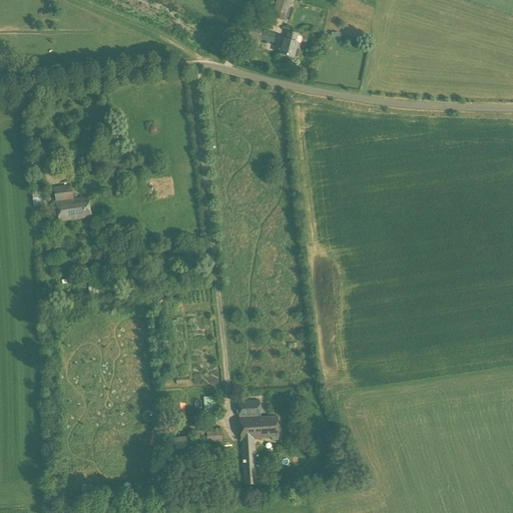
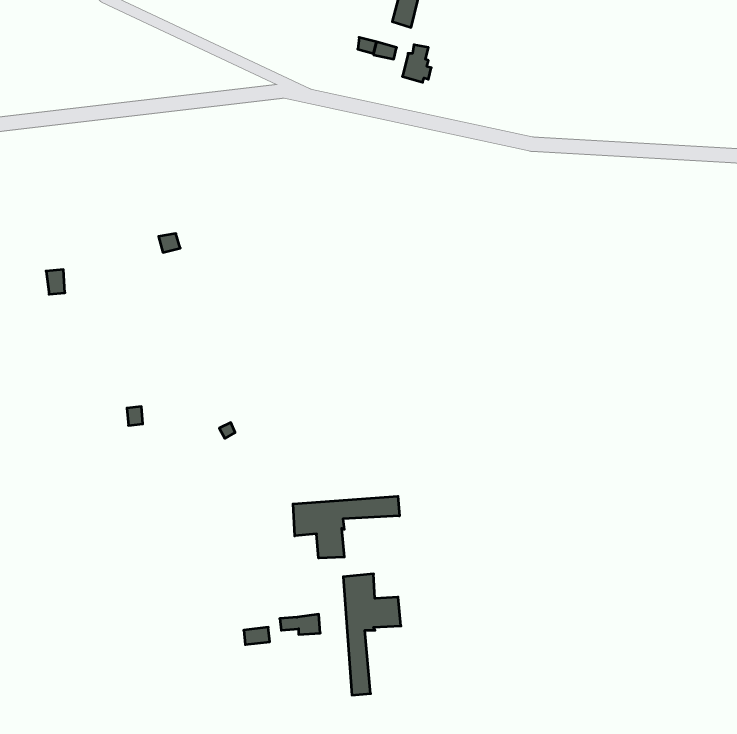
building: [54,183,91,220] -> none
building: none -> [293,496,399,558]

